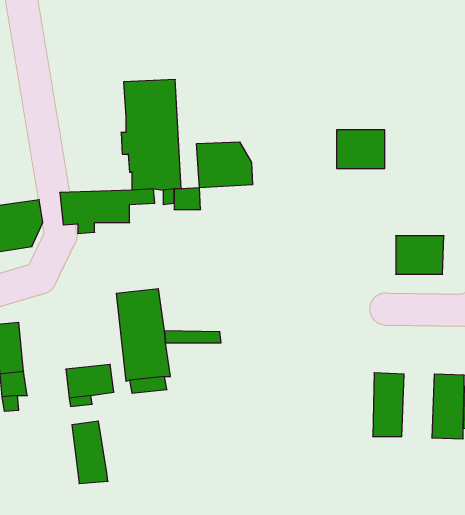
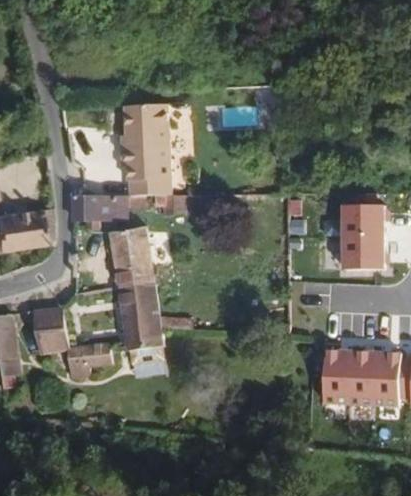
building: [337,130,385,168] -> [347,204,387,236]
building: [197,142,252,188] -> none
building: none -> [109,230,150,284]
building: none -> [352,351,379,404]
building: [72,421,108,484] -> [44,304,74,356]

